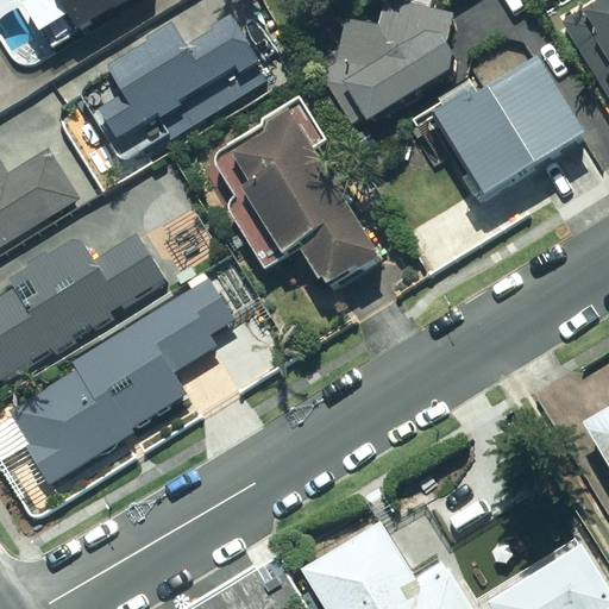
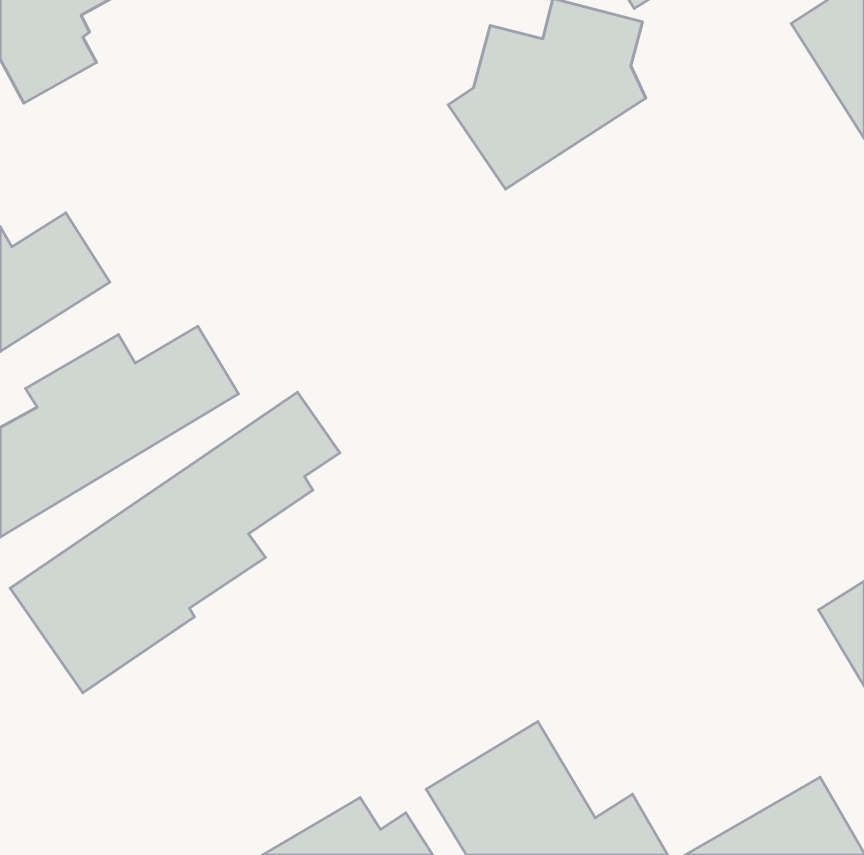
building: [94,8,275,155] -> none
building: [438,40,590,199] -> none
building: [211,100,376,301] -> none

